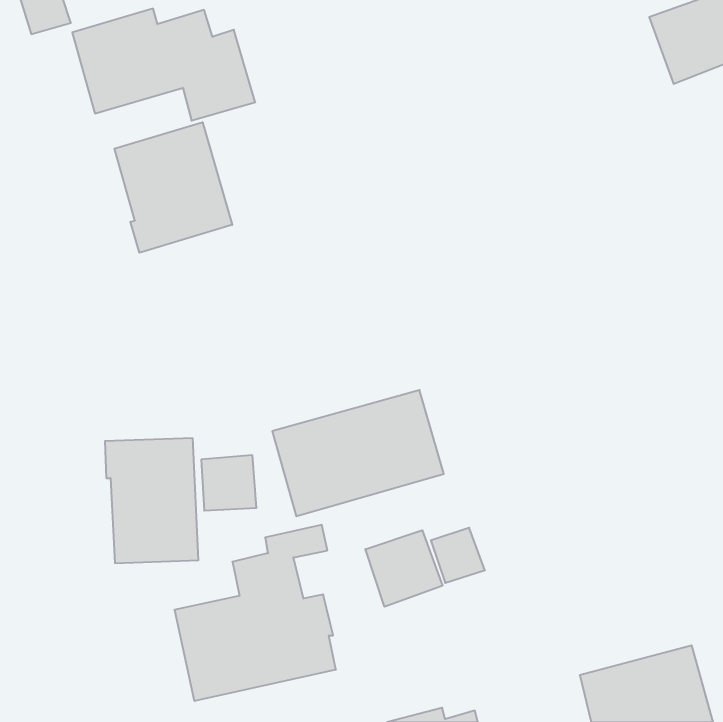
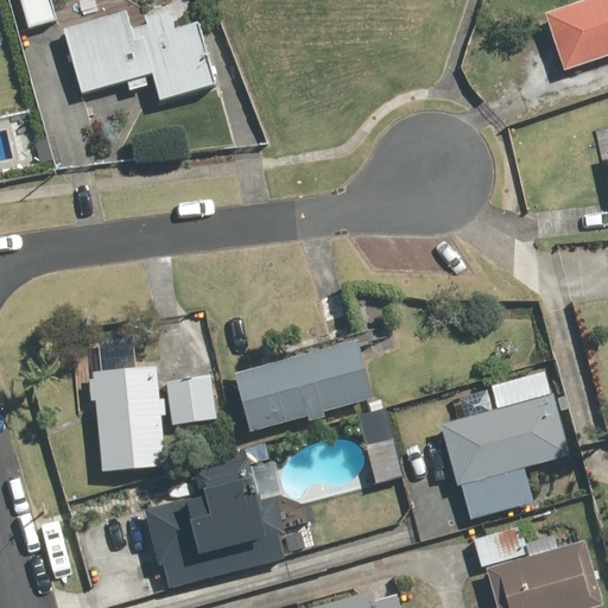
building: [114,122,232,253] -> none
building: none -> [443,395,570,517]
building: [365,530,442,607] -> none

